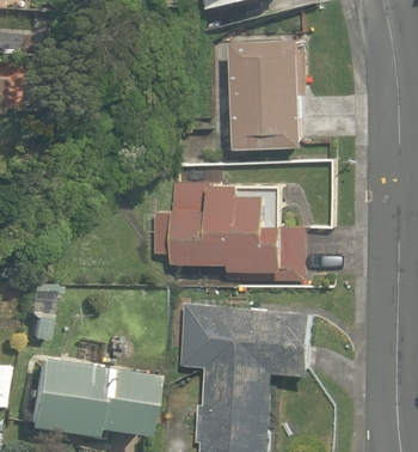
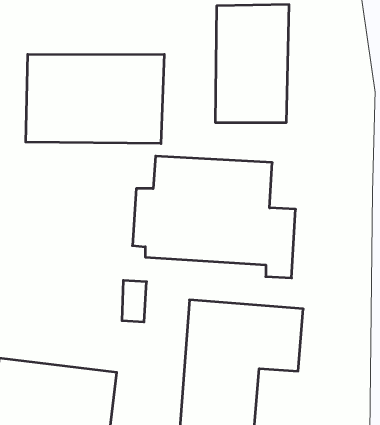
building: none -> [26,54,164,144]

